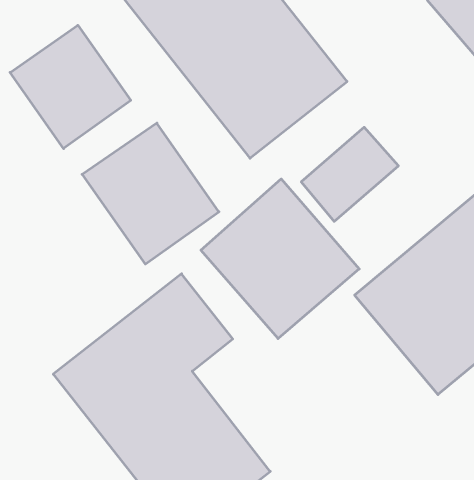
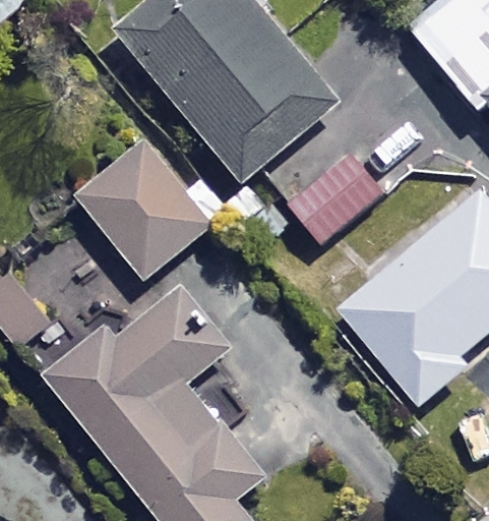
building: [10,25,131,149] -> none
building: [201,179,359,339] -> none

